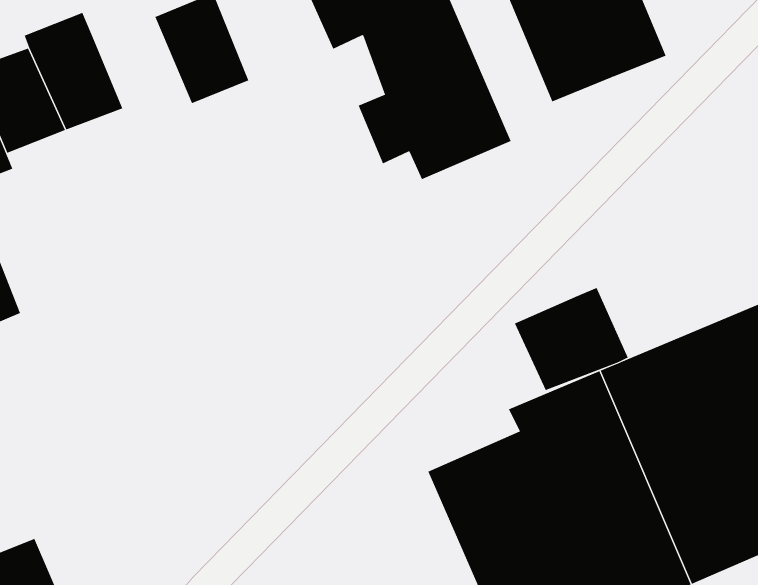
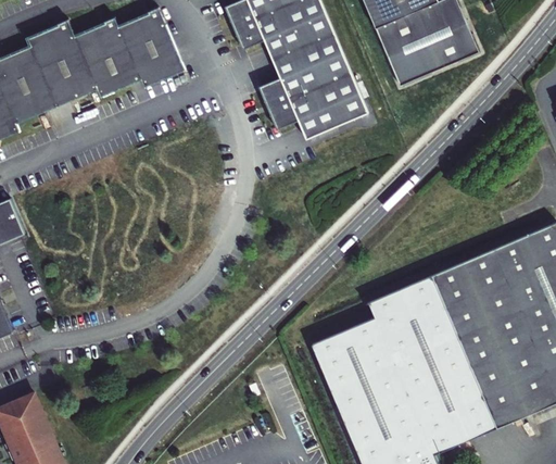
building: none -> [76,21,142,96]
building: [514,287,629,391] -> none

